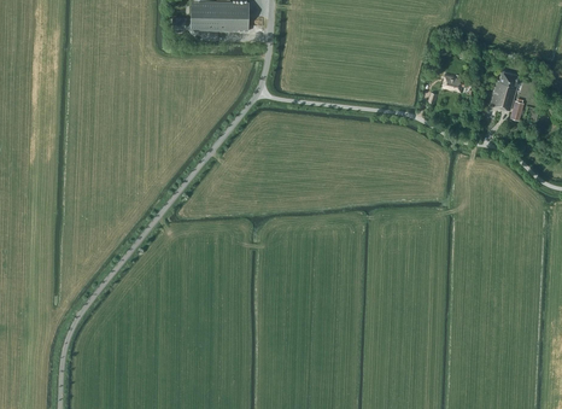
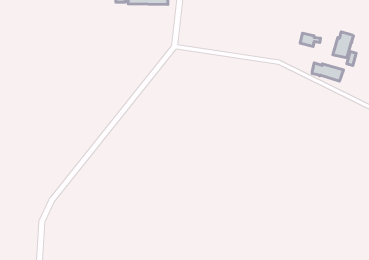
building: none -> [312,63,344,81]

